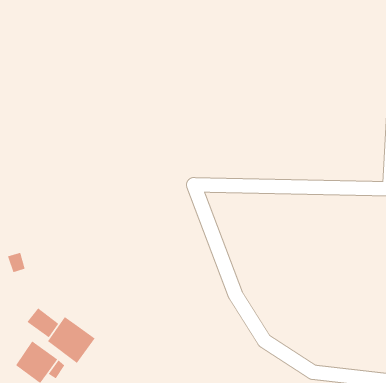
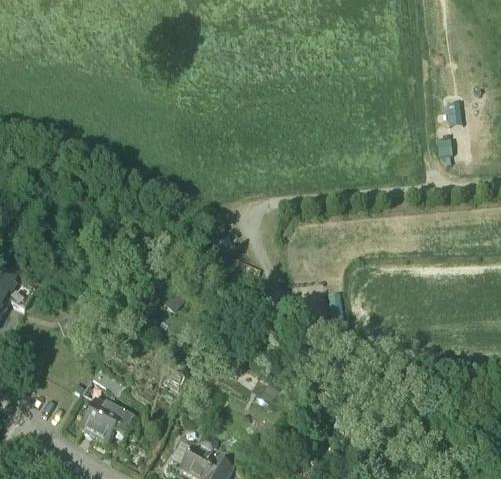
building: [47,316,95,364] -> none

